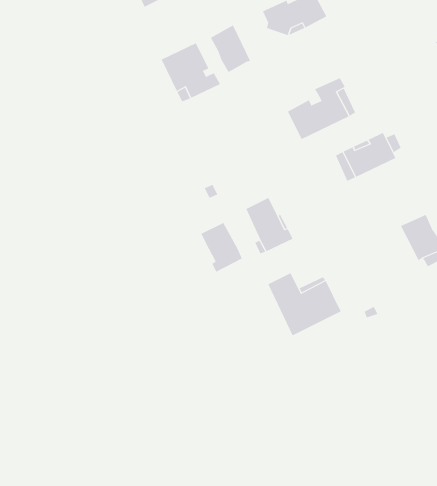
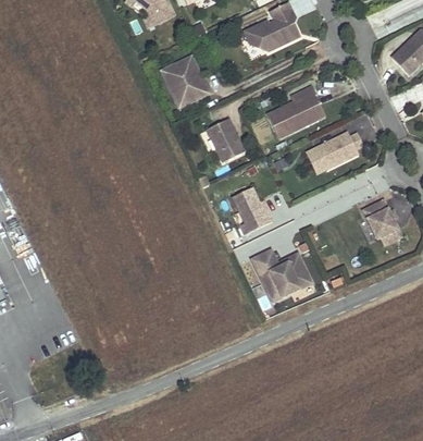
building: [210,24,251,73] -> none
building: none -> [207,118,245,161]
building: [201,222,242,272] -> none

